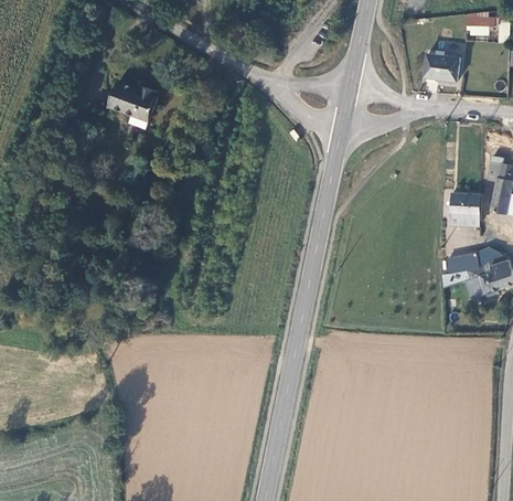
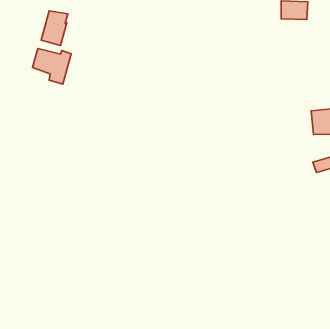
building: none -> [41,11,68,46]

